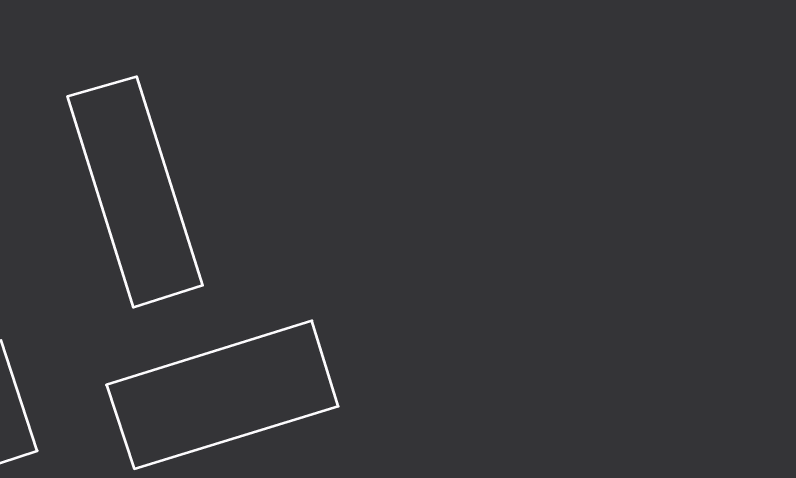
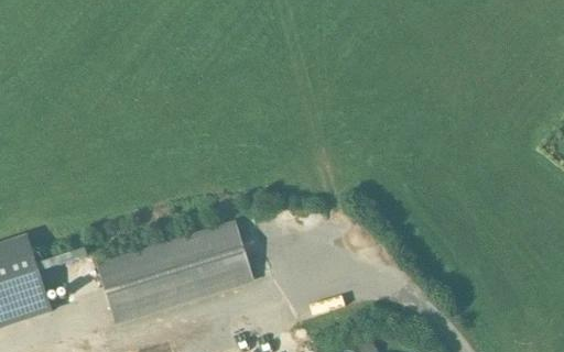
building: [68,77,203,307] -> none

